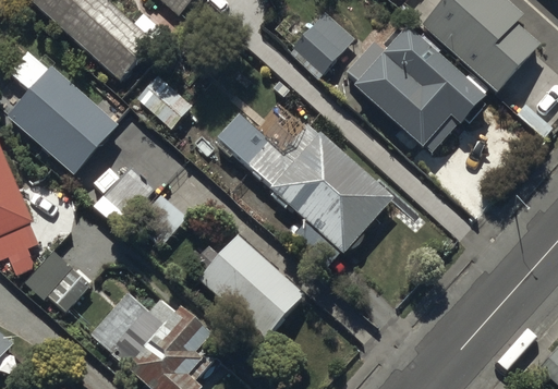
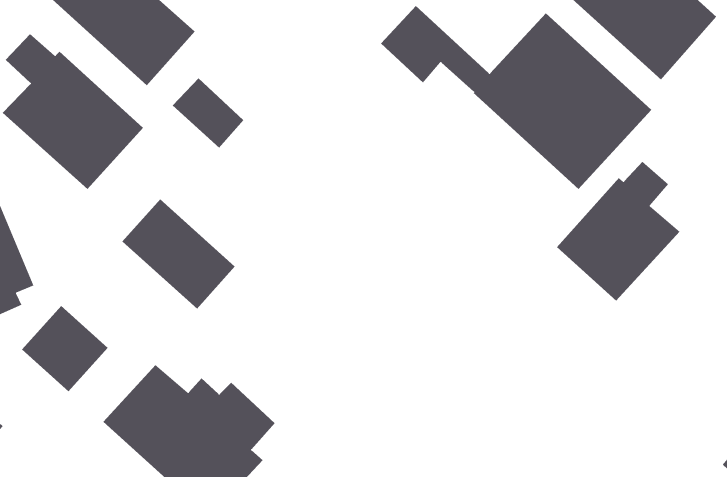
building: [217,113,395,254] -> none
building: none -> [556,161,680,302]
building: [197,232,305,337] -> none

